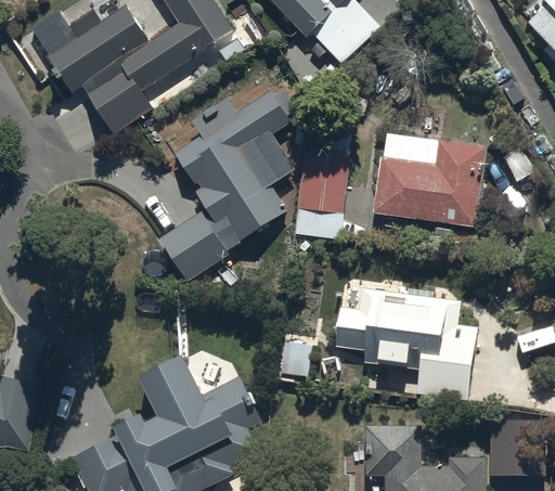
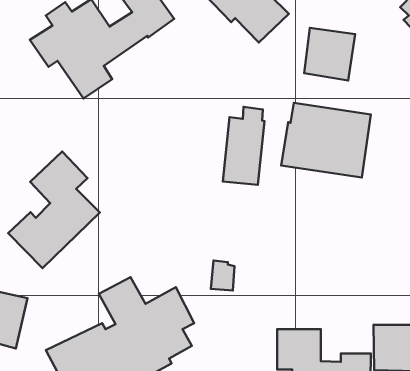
building: none -> [304,28,355,81]
building: [159,90,297,280] -> none
building: none -> [8,151,100,268]
building: [335,282,476,399] -> none

